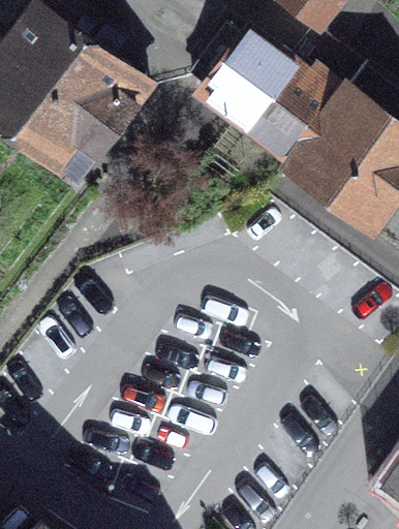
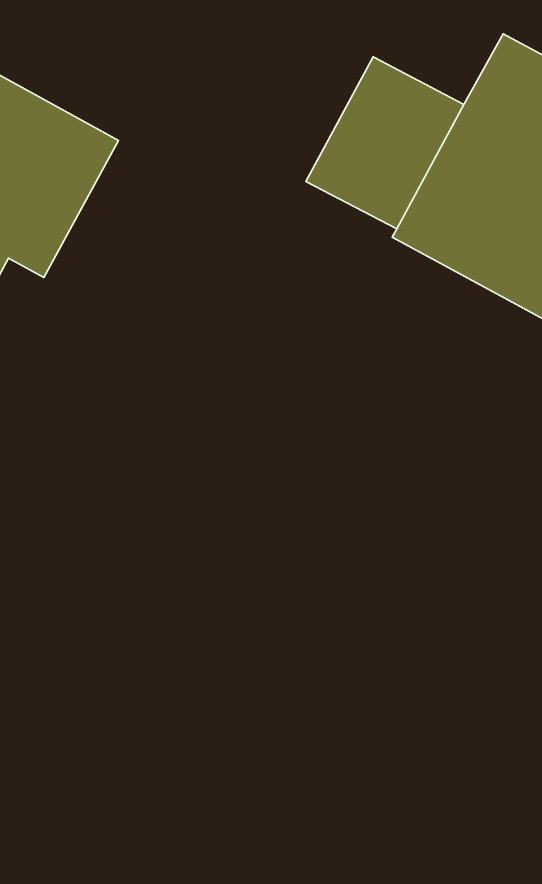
building: [202,32,293,128] -> none

